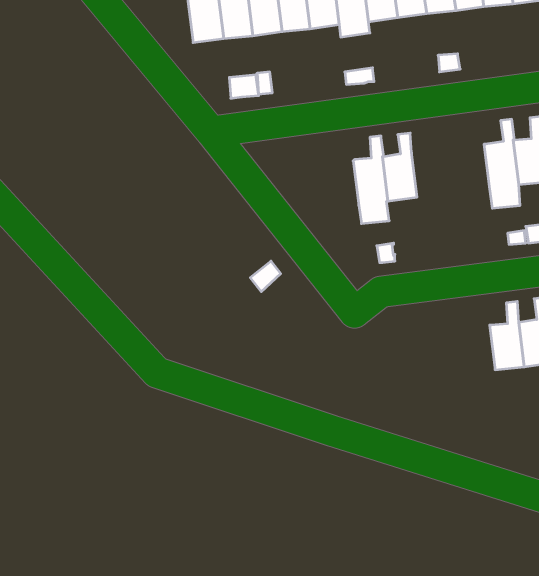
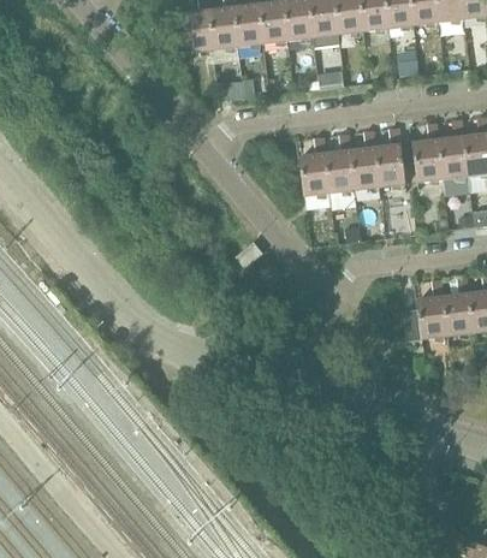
building: none -> [412,123,443,182]
building: none -> [375,127,405,186]
building: none -> [298,137,329,196]
building: none -> [403,279,447,340]

